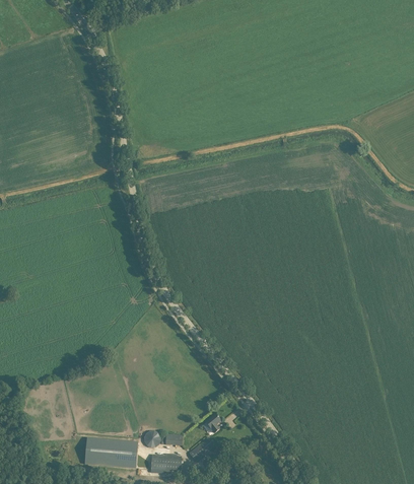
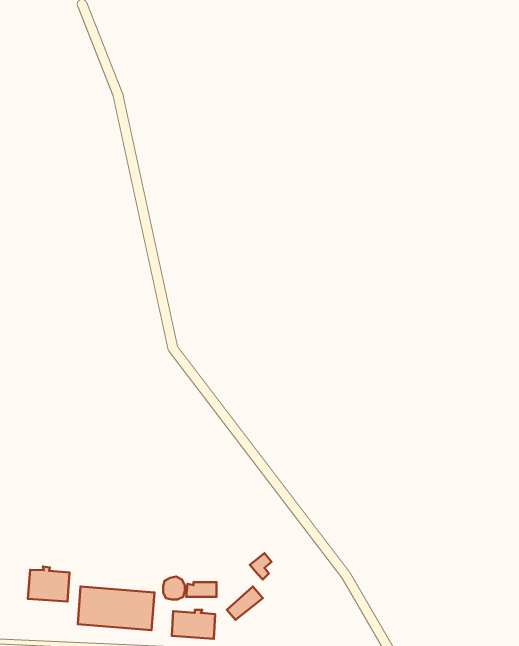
building: none -> [28,567,70,601]

